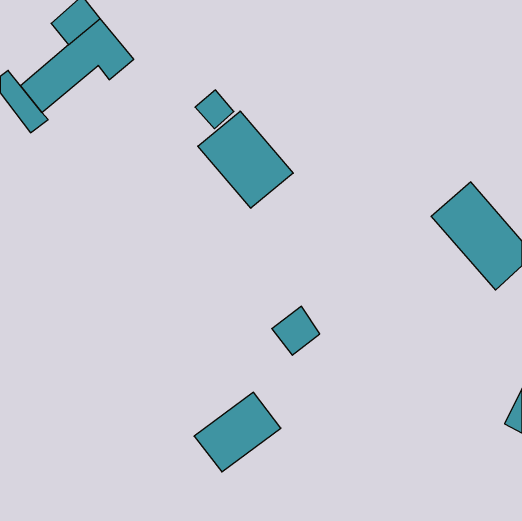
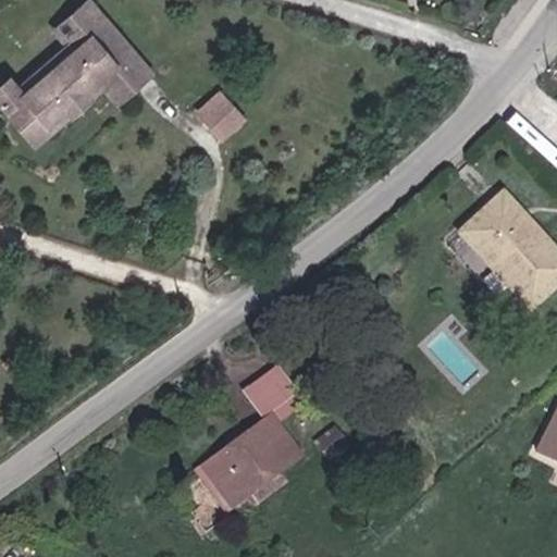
building: none -> [45,63,150,127]
building: [198,111,293,208] -> none
building: [272,306,320,355] -> [248,366,299,418]

